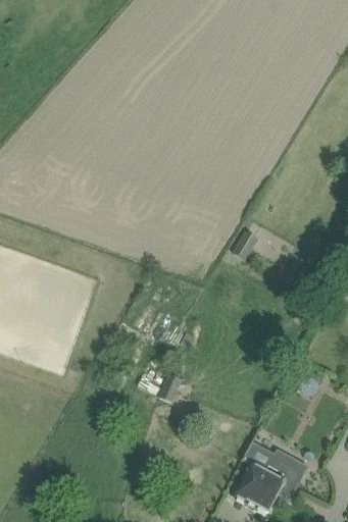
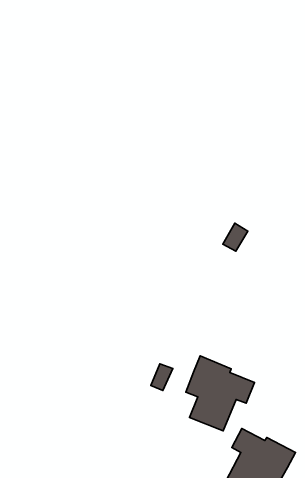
building: none -> [186,356,255,431]

